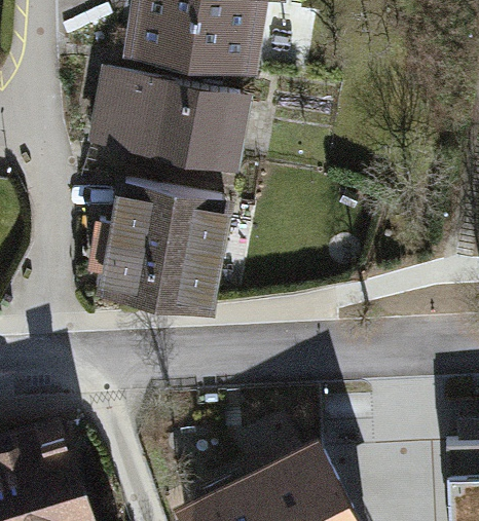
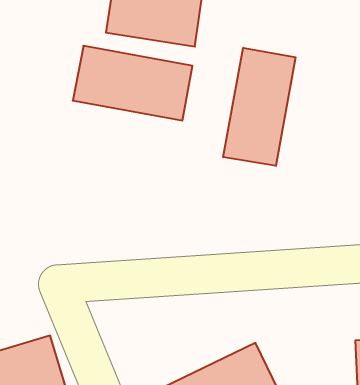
building: none -> [223,48,296,166]
building: [94,185,226,314] -> none

